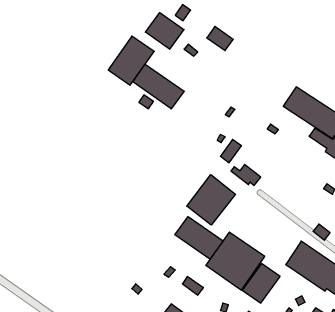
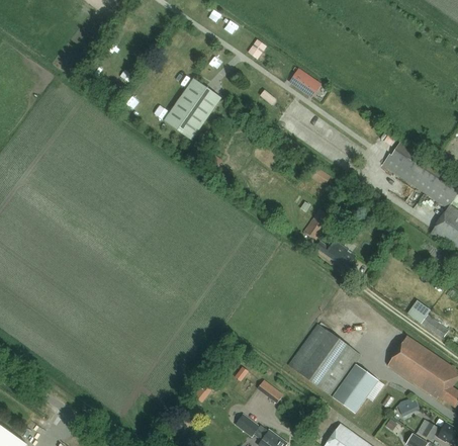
building: [145,13,184,49] -> none
building: [133,64,184,109] -> none
building: [187,175,236,225] -> none
building: [175,217,223,259] -> none

